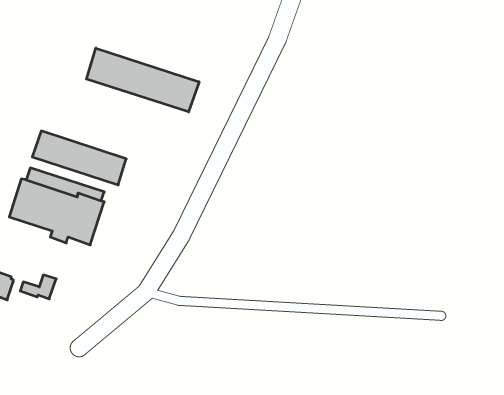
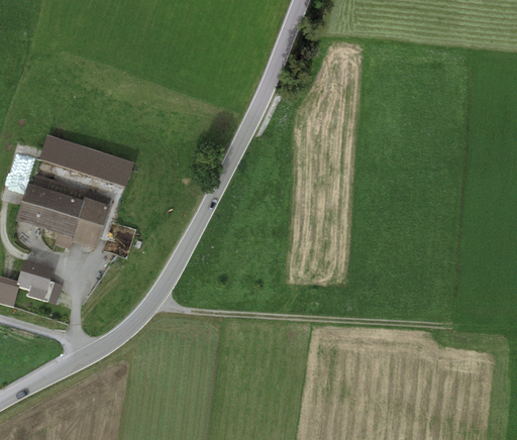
building: [86,48,199,112] -> none
building: none -> [17,259,54,292]

